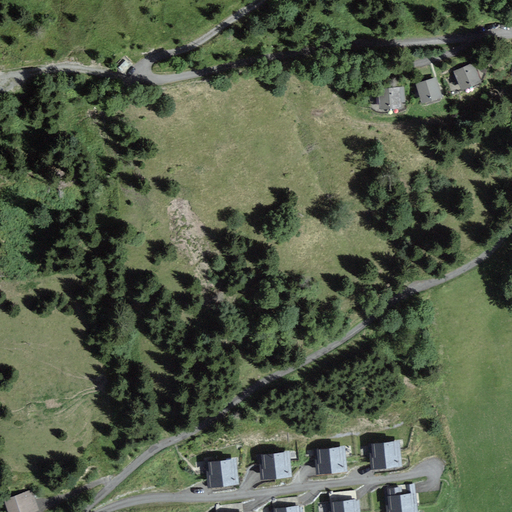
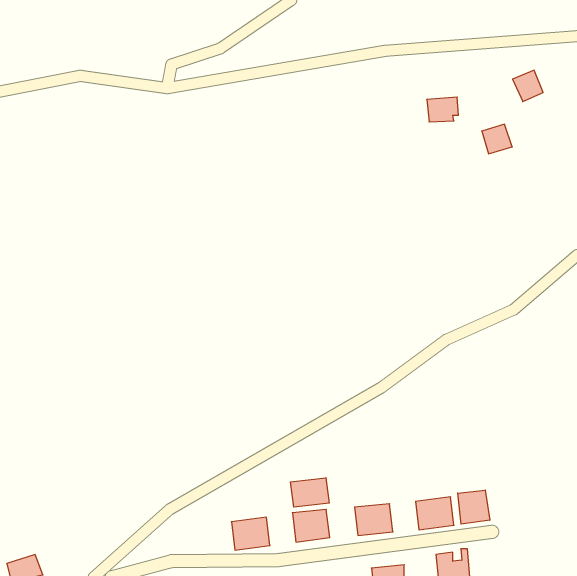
building: [416,78,443,104] -> [482,124,512,154]
building: none -> [291,478,329,507]
building: none -> [458,490,490,524]

